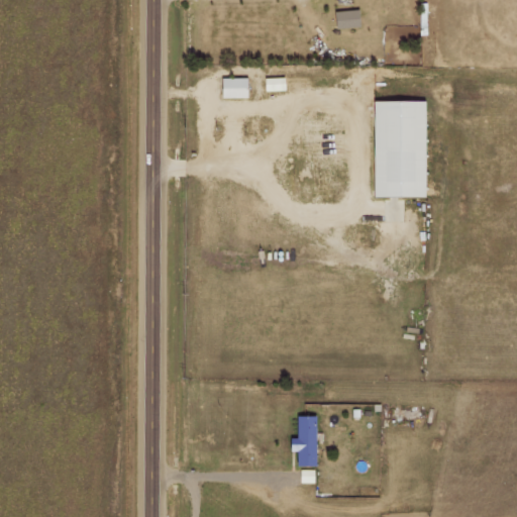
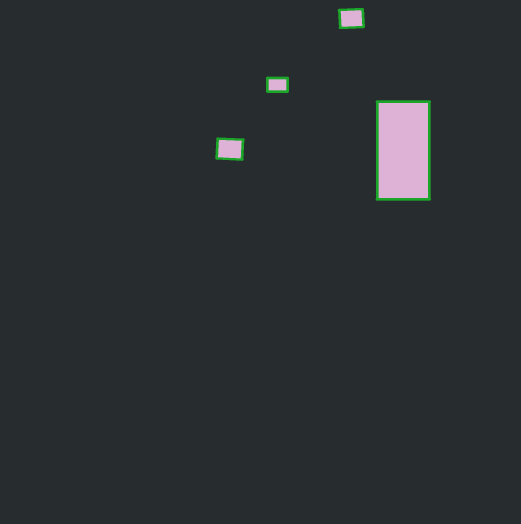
building: [223,78,249,98] -> [217,139,243,159]
building: [293,416,318,466] -> none

